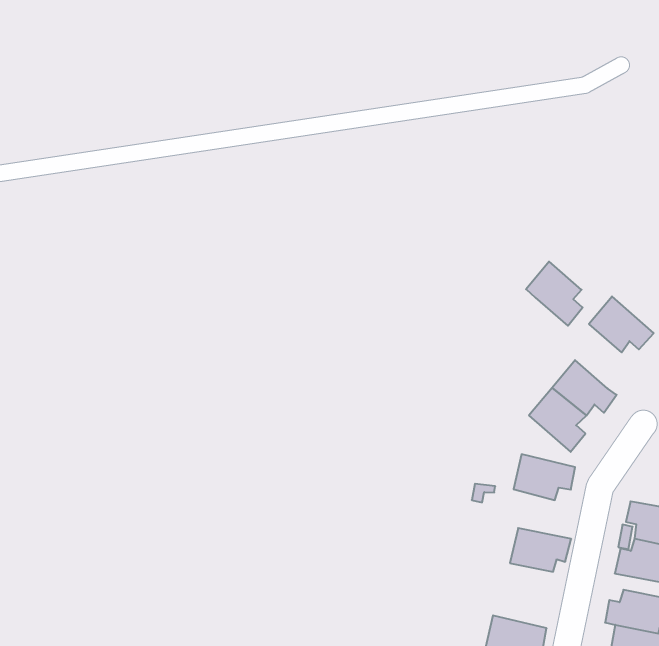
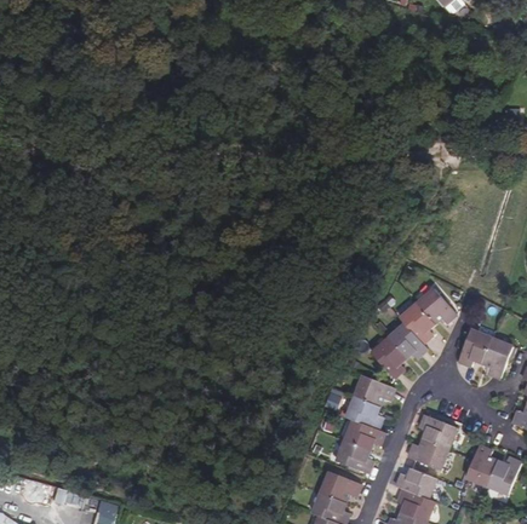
building: [526,262,583,326] -> [400,303,434,344]
building: none -> [345,396,383,430]
building: none -> [336,440,372,474]

